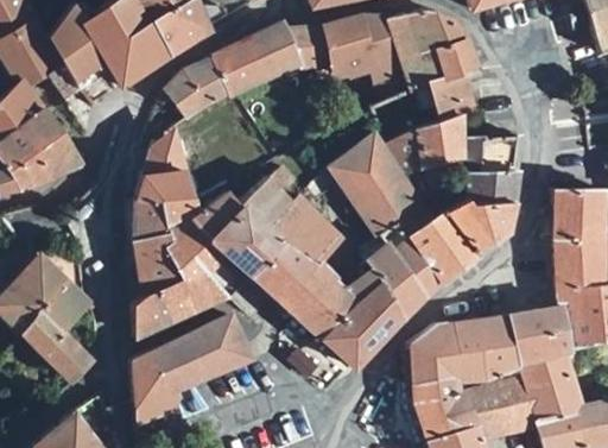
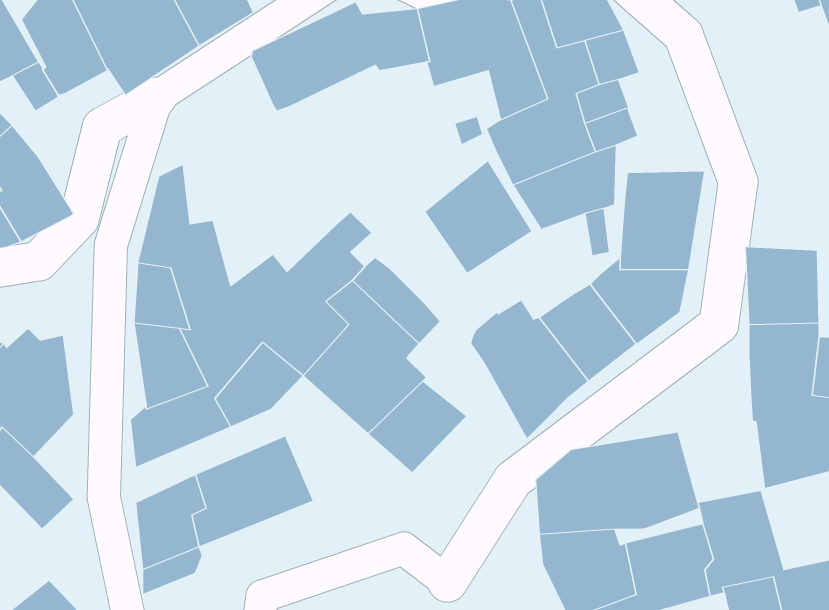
building: [164,58,227,118] -> none
building: [357,177,429,236] -> none
building: [321,302,386,367] -> none
building: [500,305,558,360] -> none

